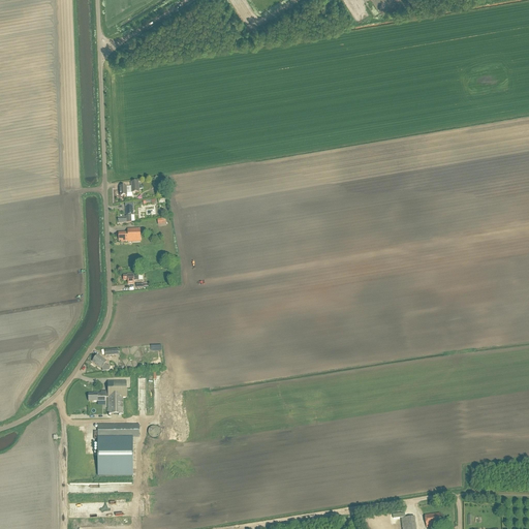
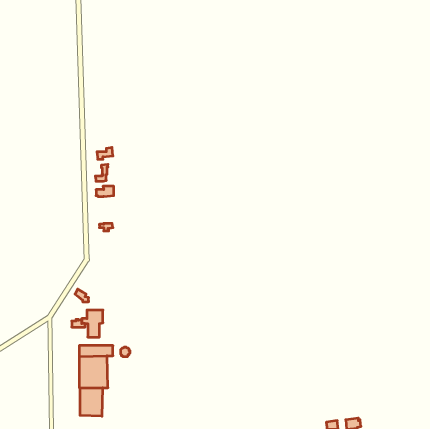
building: none -> [80,388,103,416]

